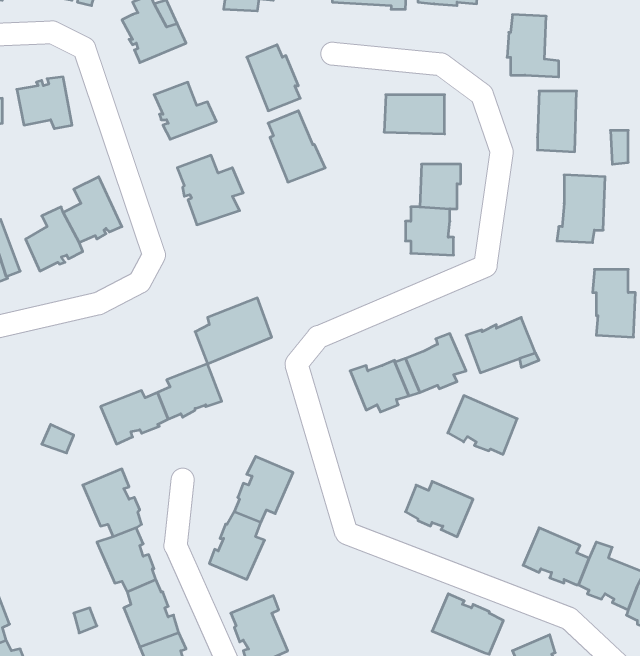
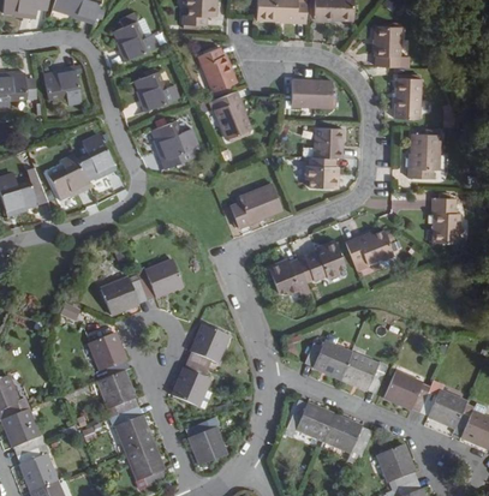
building: [195,298,272,364] -> [229,181,281,226]
building: [448,396,517,454] -> [340,352,387,392]
building: none -> [287,401,334,441]

